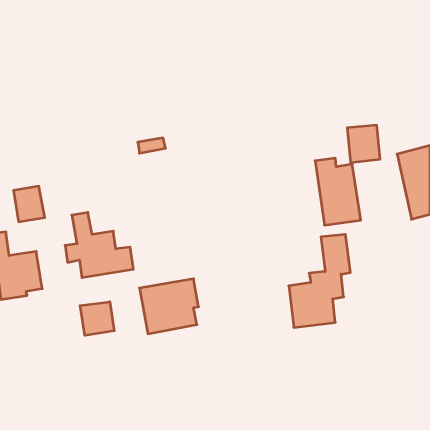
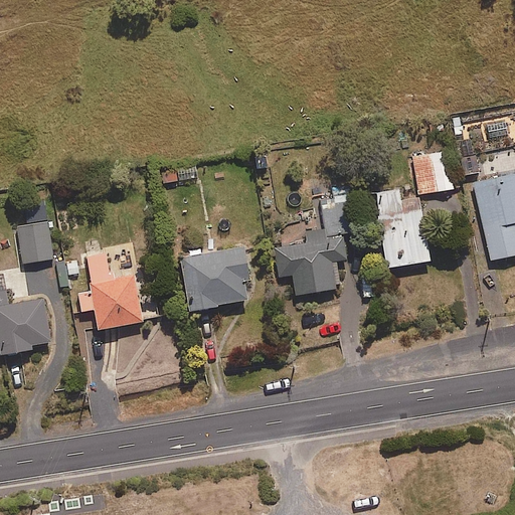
building: [289,234,350,327] -> [281,185,354,296]
building: [139,279,199,334] -> [179,246,249,312]
building: [80,302,114,335] -> none

